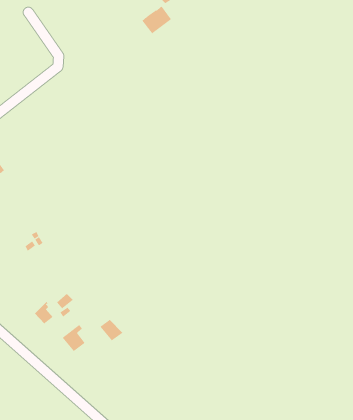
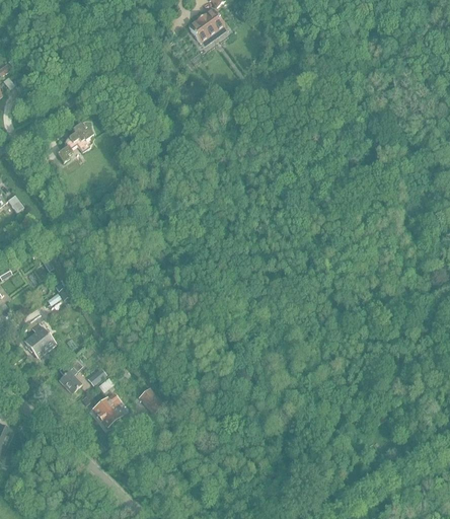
building: none -> [57,123,93,161]
building: none -> [24,323,55,358]

